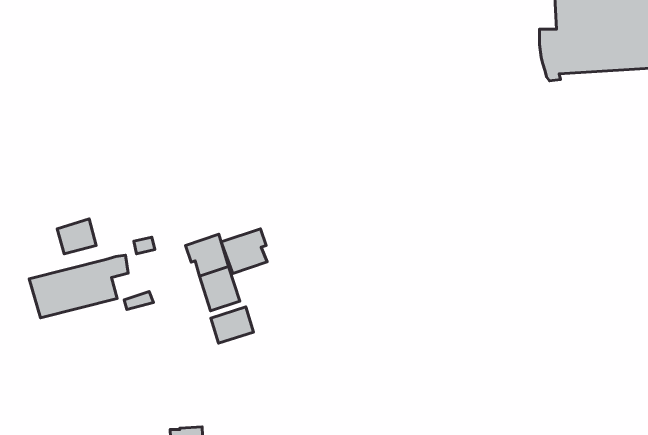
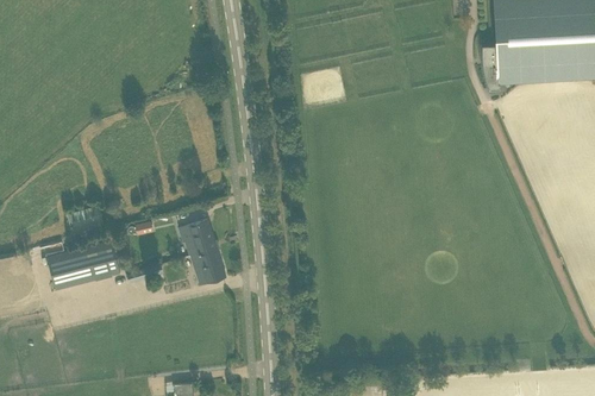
building: [221,229,267,273] -> none
building: [211,307,254,343] -> none

